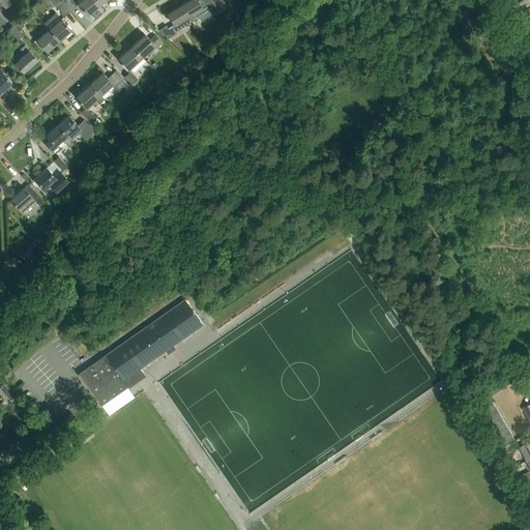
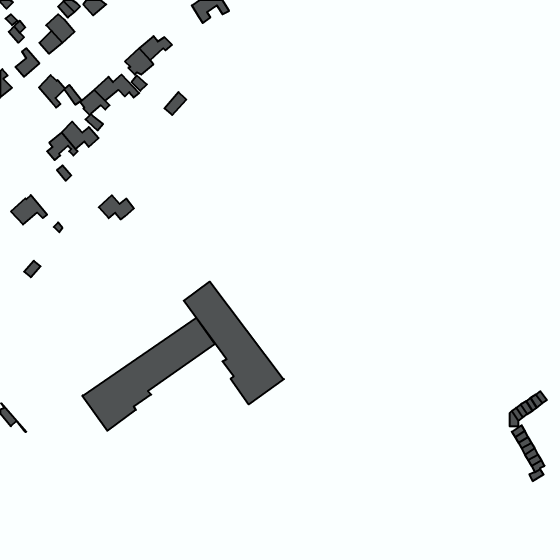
building: [158,5,192,38] -> none
building: none -> [39,75,82,108]
building: [34,168,67,190] -> [99,195,134,219]
building: none -> [184,282,284,404]

